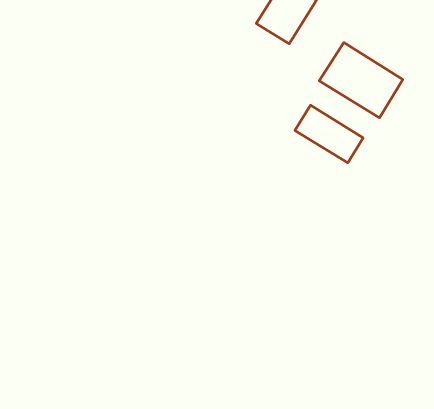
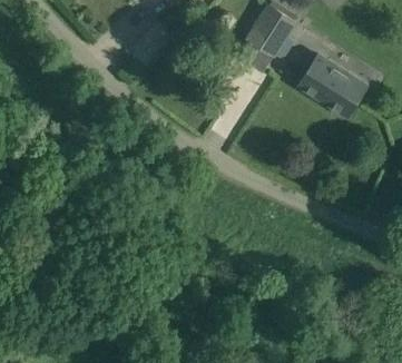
building: [295,105,363,163] -> none

